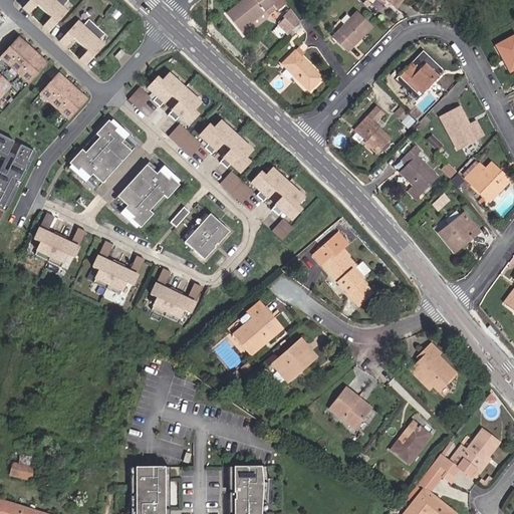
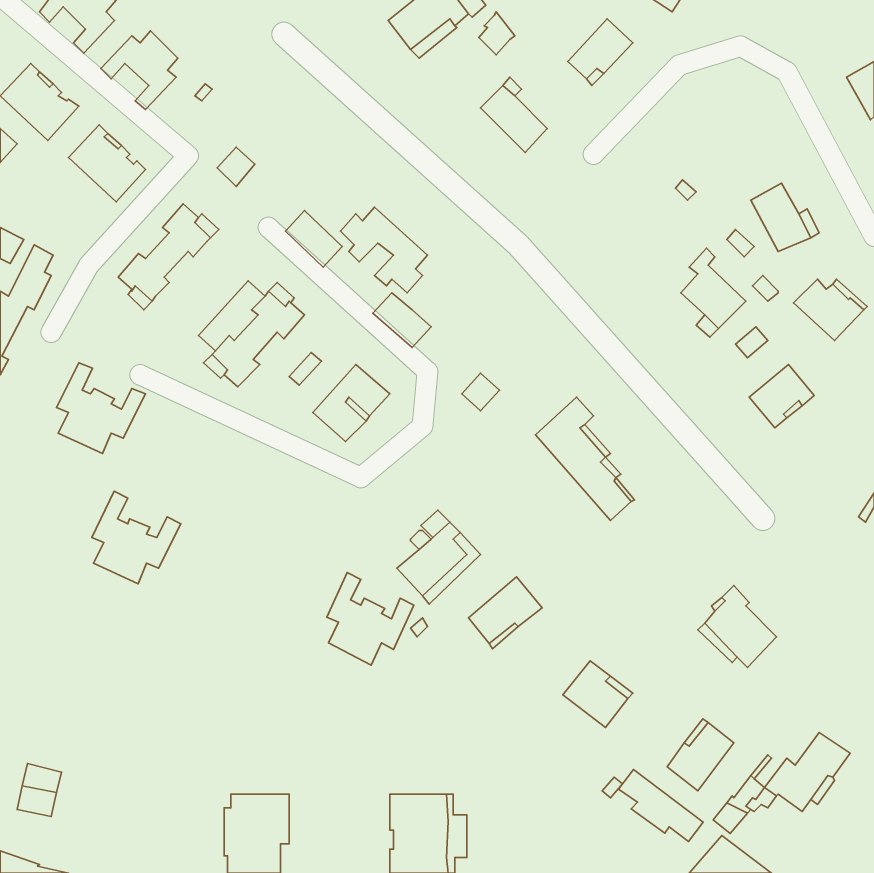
building: [399,56,439,95] -> none
building: [148,74,200,124] -> none
building: [355,117,390,152] -> none
building: [91,142,131,183] -> none
building: [251,169,303,220] -> none
building: [91,240,144,294] -> [92,491,181,584]
building: [150,268,201,322] -> [327,573,414,665]
building: none -> [619,770,703,842]

